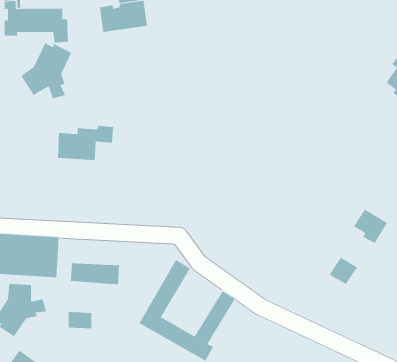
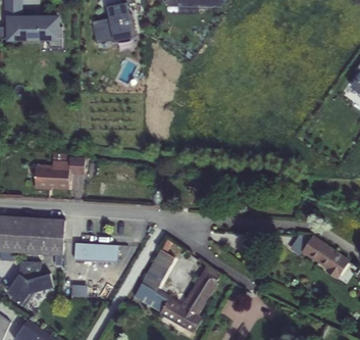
building: [20,43,72,99] -> none
building: [57,126,114,160] -> [37,159,87,190]
building: [353,209,388,244] -> [314,246,345,277]

